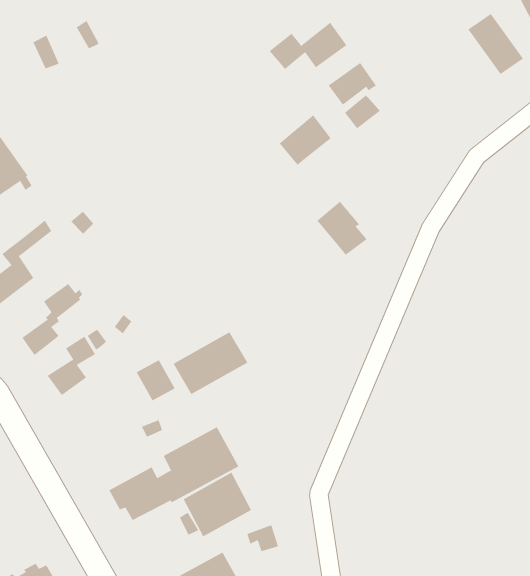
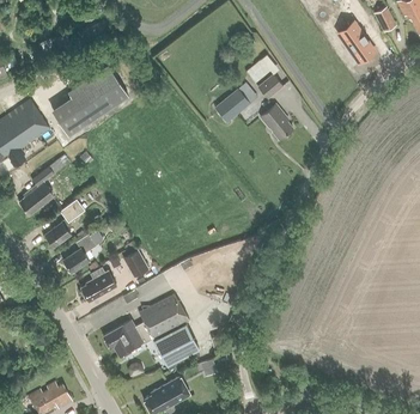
building: [269,22,347,70] -> none
building: none -> [51,63,128,135]
building: [317,201,367,255] -> [260,103,293,139]
building: [173,332,248,395] -> none
building: none -> [81,268,116,302]

